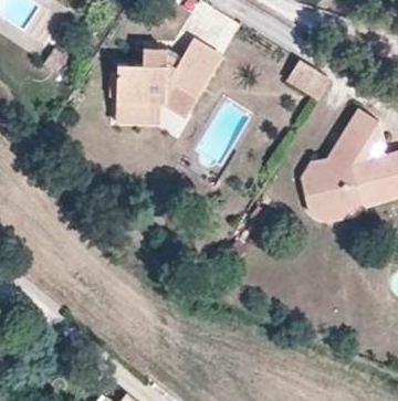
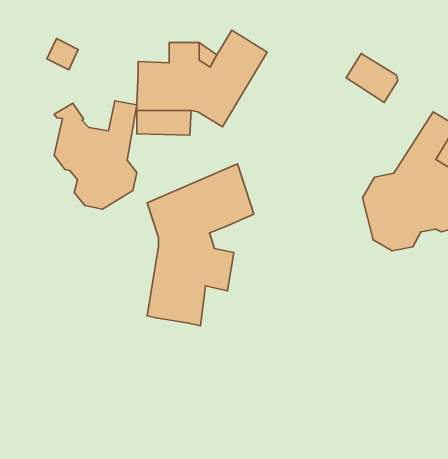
building: none -> [54,101,137,209]
building: none -> [147,164,254,326]

